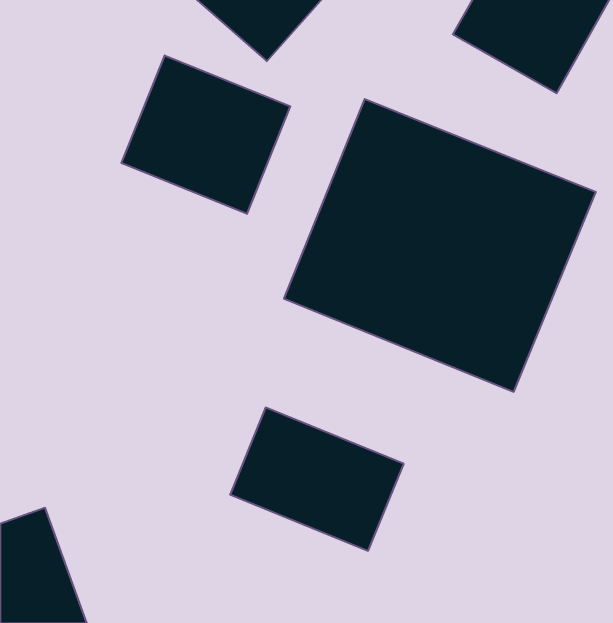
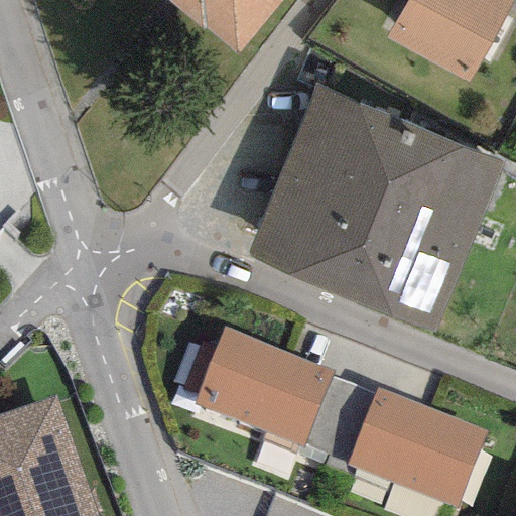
building: [121,55,290,214] -> none
building: none -> [353,393,492,509]

